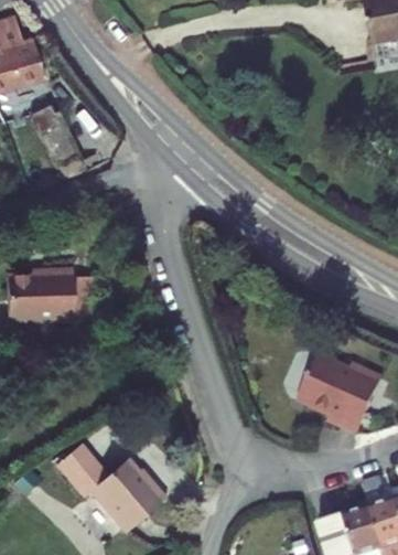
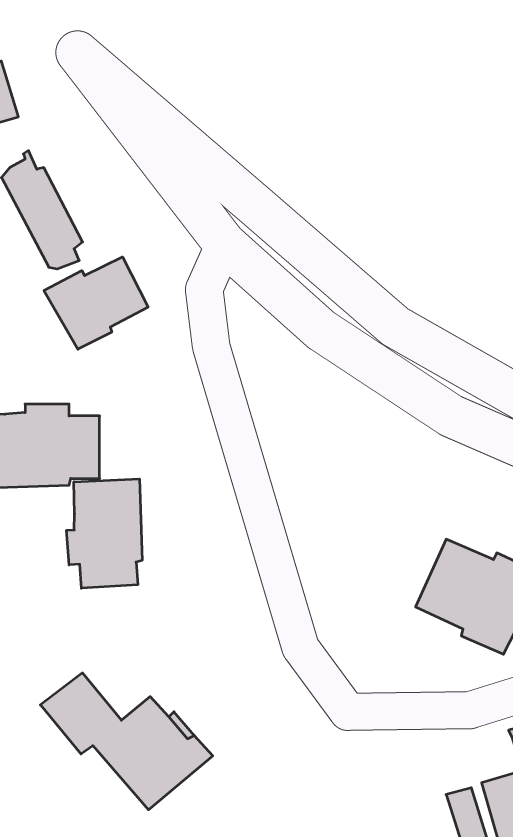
building: none -> [44,257,148,349]
building: none -> [67,479,142,588]

